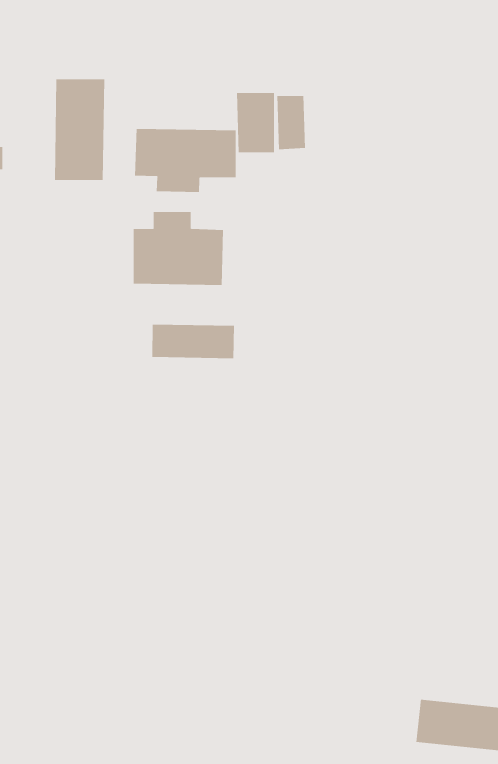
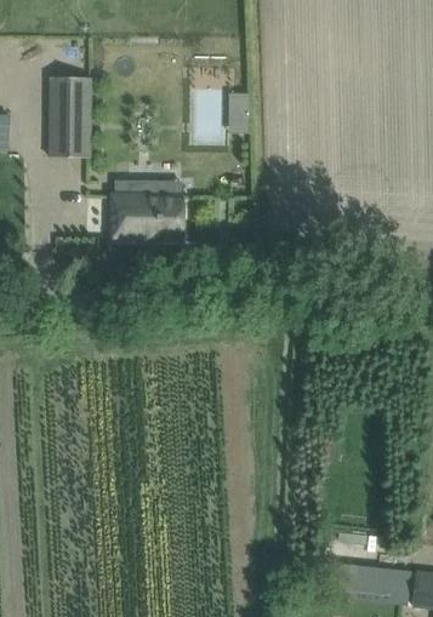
building: [134,128,236,193] -> none
building: [152,324,234,359] -> none

